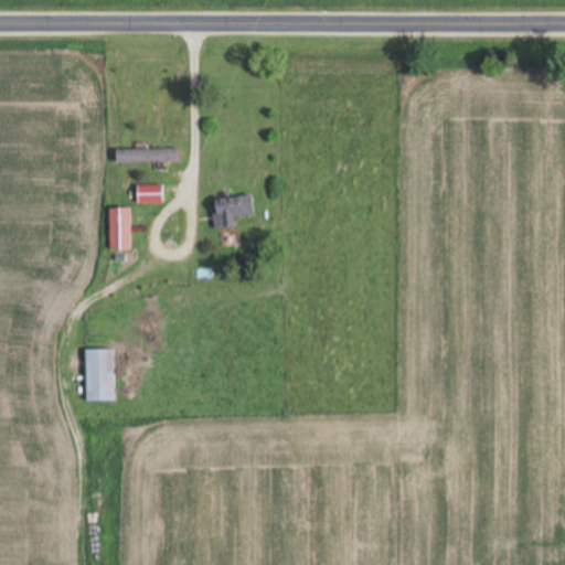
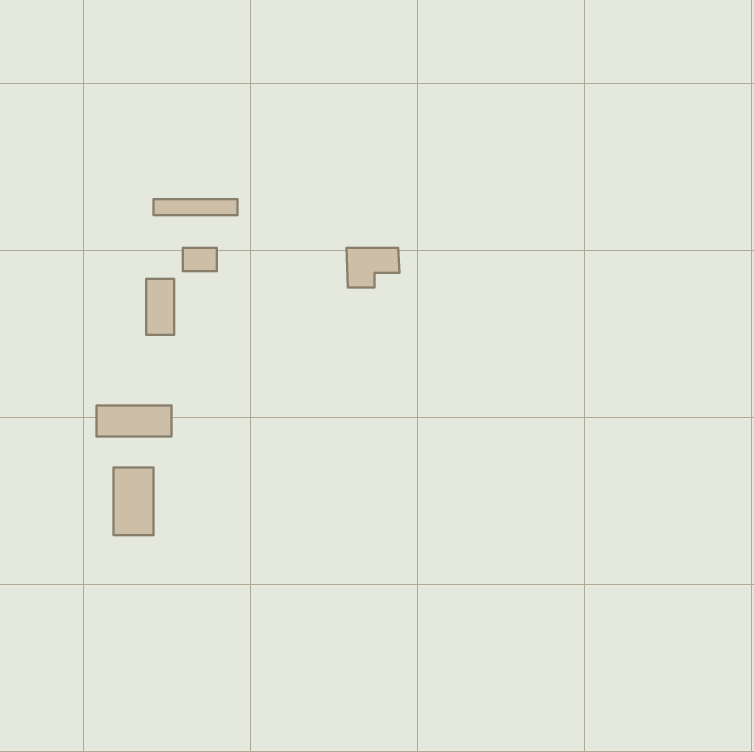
building: [213,198,253,227] -> [346,248,400,288]
building: none -> [97,405,172,436]

